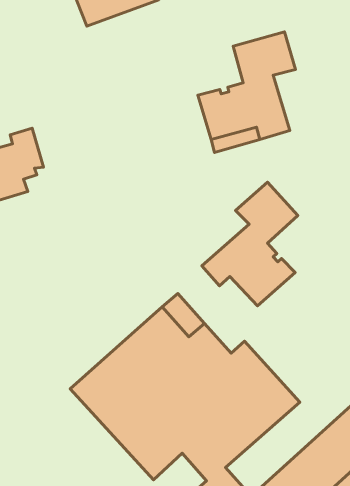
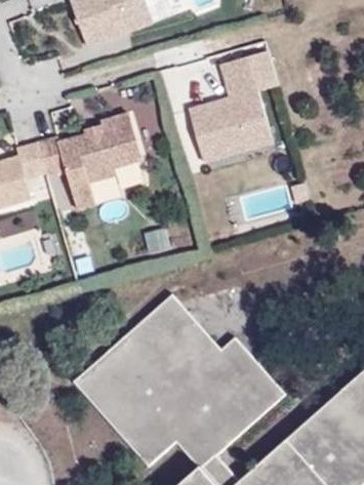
building: none -> [37,112,144,209]
building: [202,182,298,306] -> none

